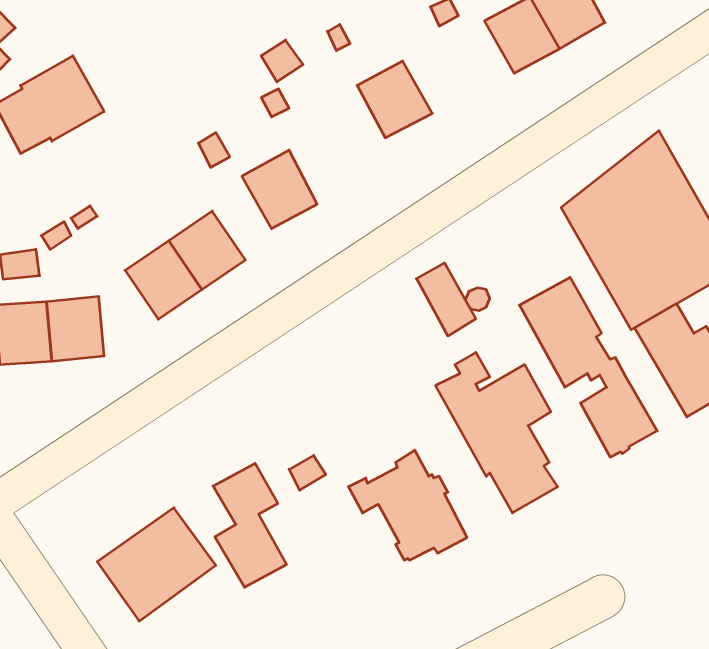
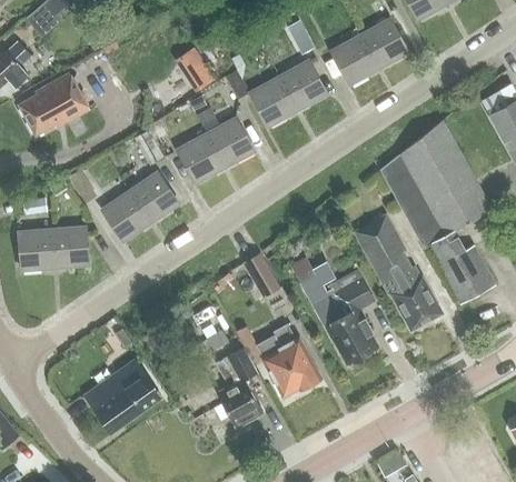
building: none -> [279,60,327,109]
building: none -> [207,117,255,167]
building: [416,263,476,336] -> [242,251,280,298]
building: [213,463,286,587] -> [216,347,262,425]

